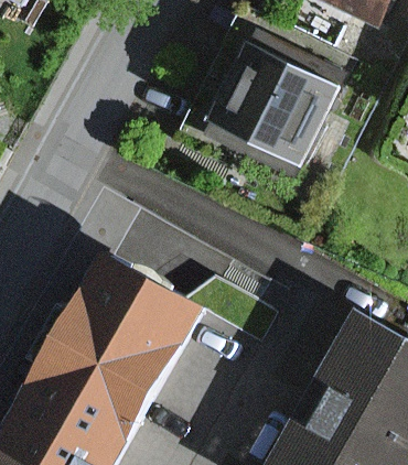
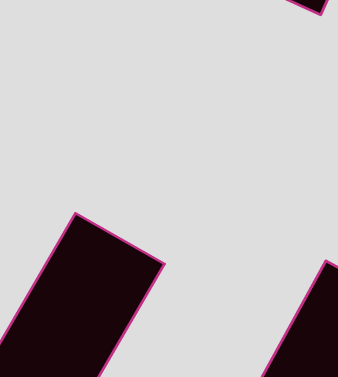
building: [186,40,333,179] -> none

